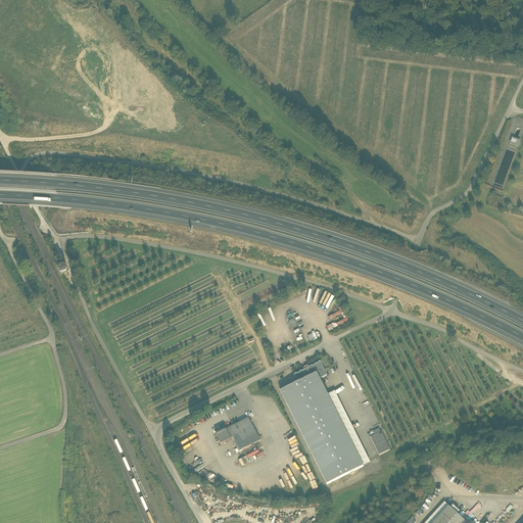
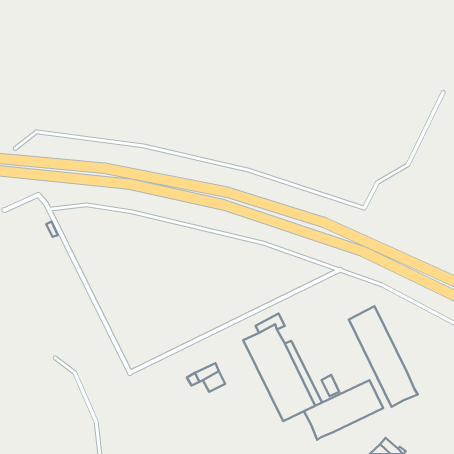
building: none -> [349,306,418,407]
building: none -> [304,380,383,440]

